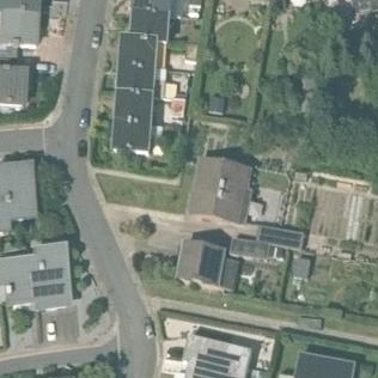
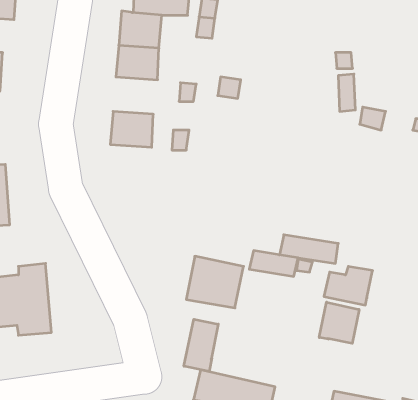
building: [116,91,152,122] -> none
building: [190,159,250,220] -> none
building: none -> [319,302,359,343]
building: none -> [184,319,218,371]

